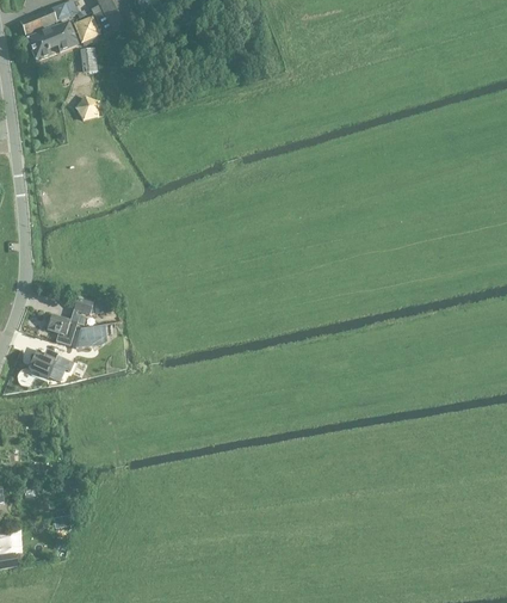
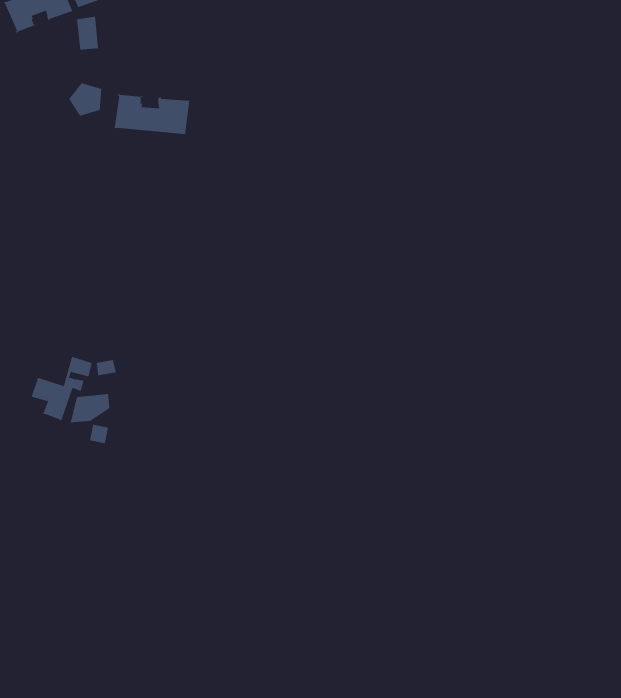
building: none -> [114,93,190,135]
building: [29,350,73,380] -> none

